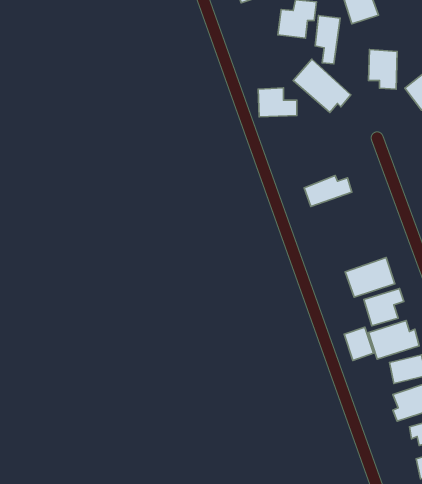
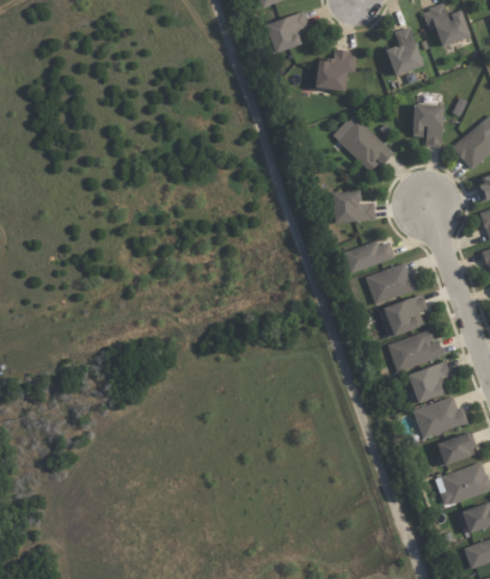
building: [315,15,340,64] -> none
building: [258,88,297,117] -> [332,190,374,221]
building: none -> [365,262,416,304]
building: none -> [384,294,424,337]
building: [344,327,373,360] -> none

